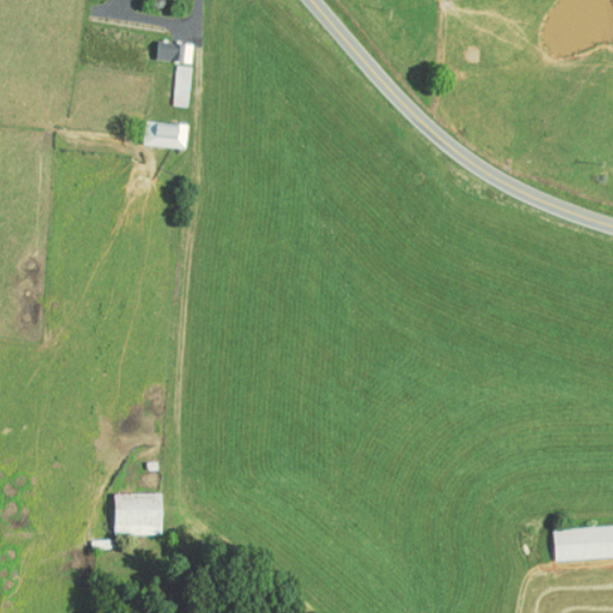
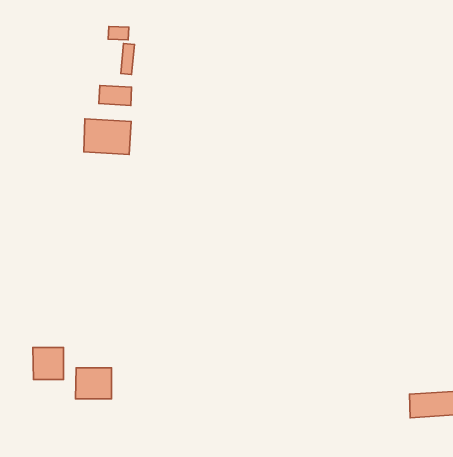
building: none -> [84,119,131,155]
building: none -> [33,348,64,379]

